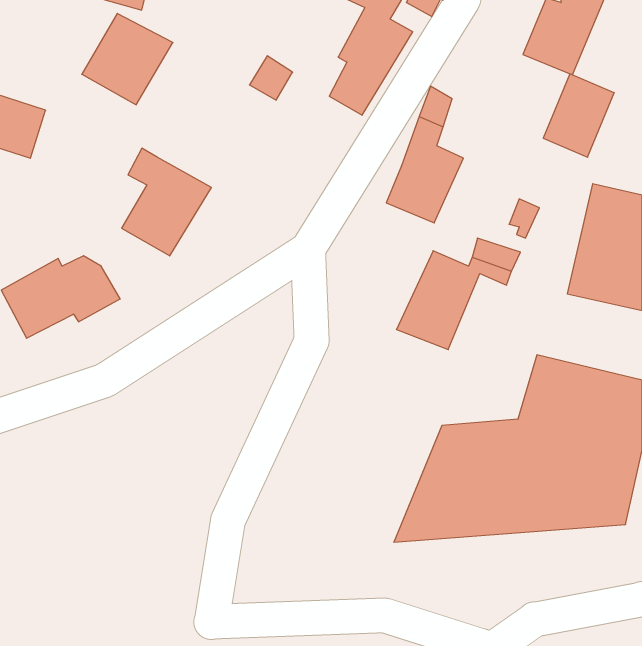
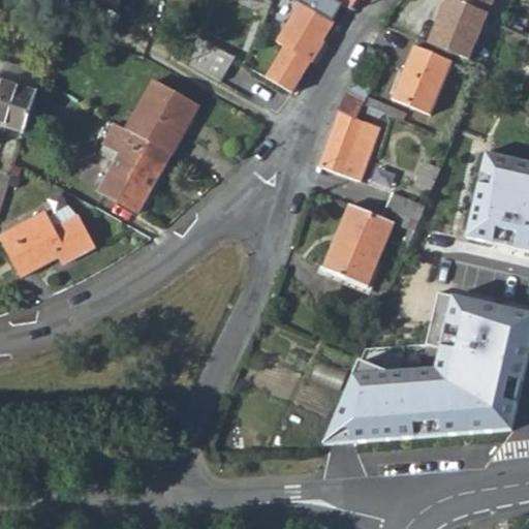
building: [82,13,173,105] -> [128,79,203,153]
building: [543,74,614,157] -> [390,46,447,115]

